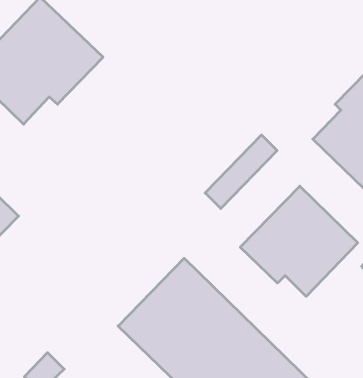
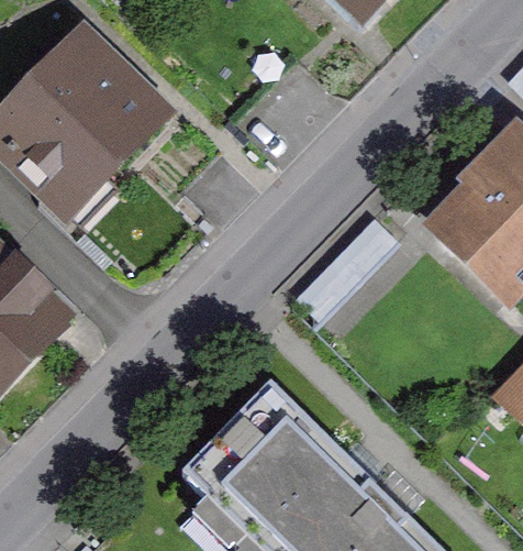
building: [240,186,358,296] -> none

